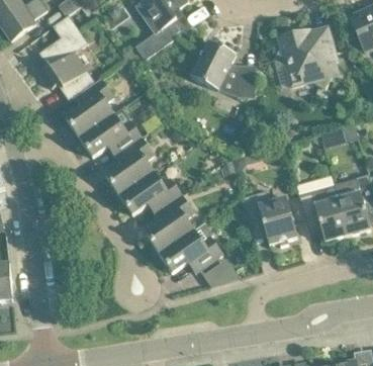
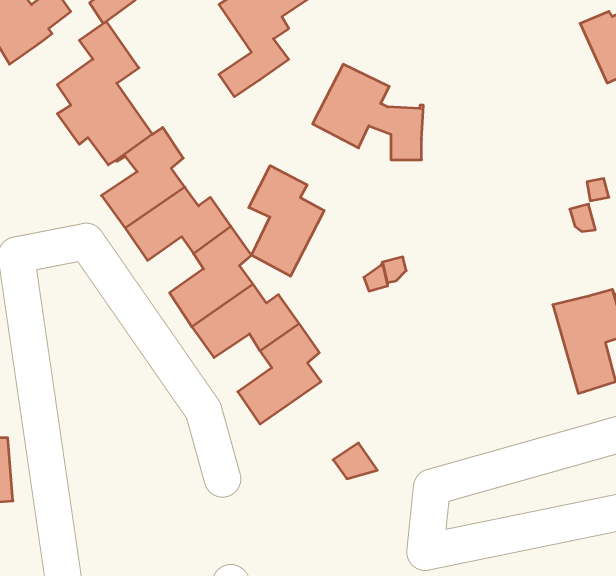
building: [272,26,337,89] -> none
building: none -> [249,166,324,276]
building: [298,183,348,242] -> none
building: [242,190,297,246] -> none
building: [159,228,222,273] -> none

